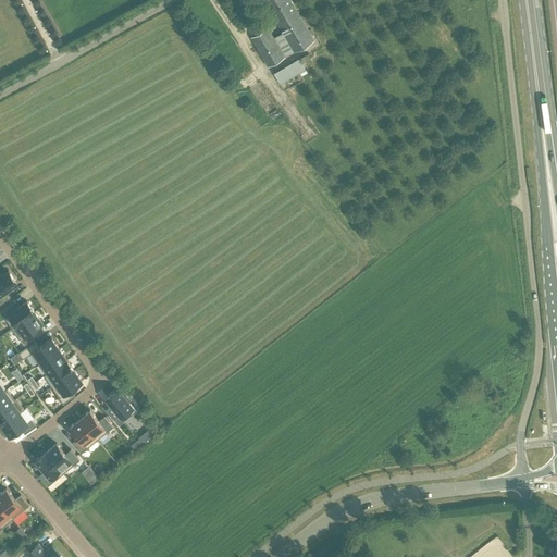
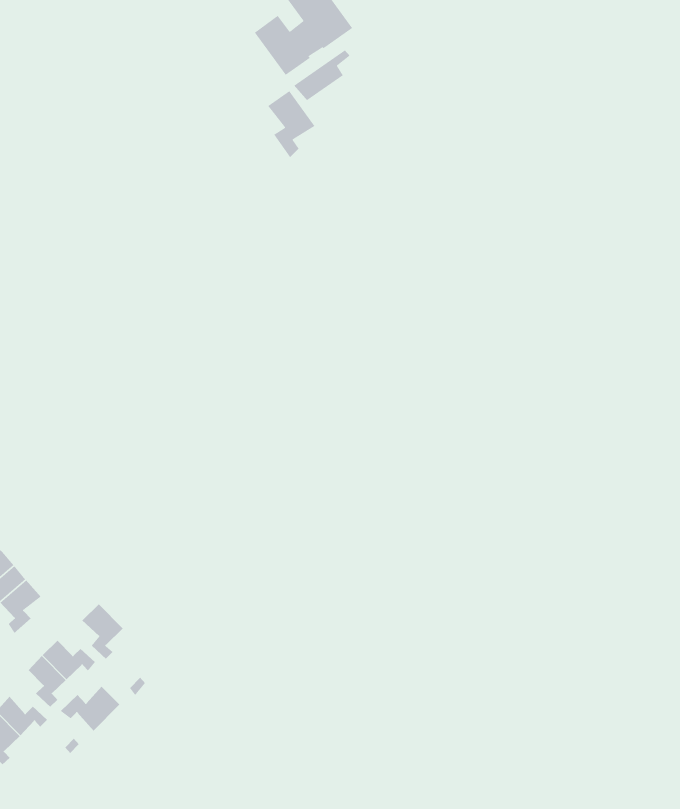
building: none -> [267,90,315,158]
building: none -> [60,686,120,731]

